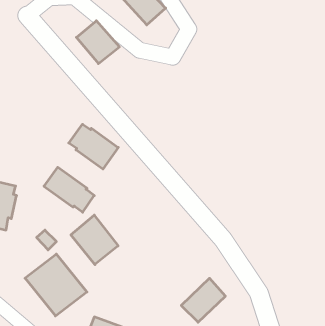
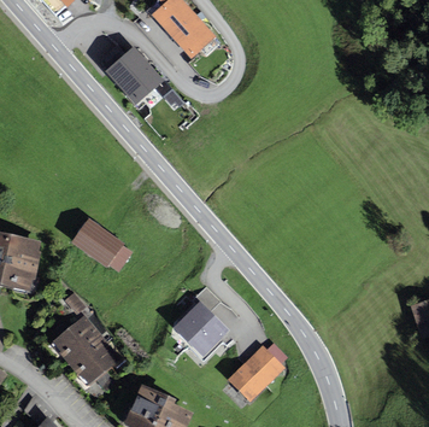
building: [69,124,118,169] -> none
building: [71,215,118,265] -> none
building: none -> [177,303,225,351]

